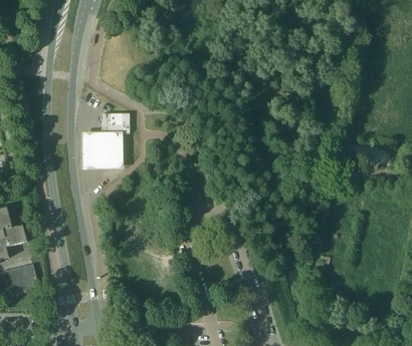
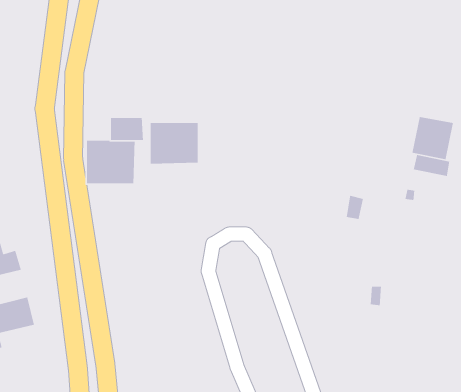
building: none -> [411,116,454,160]
building: none -> [150,122,198,164]

